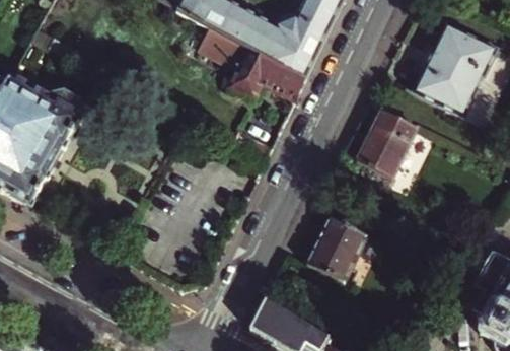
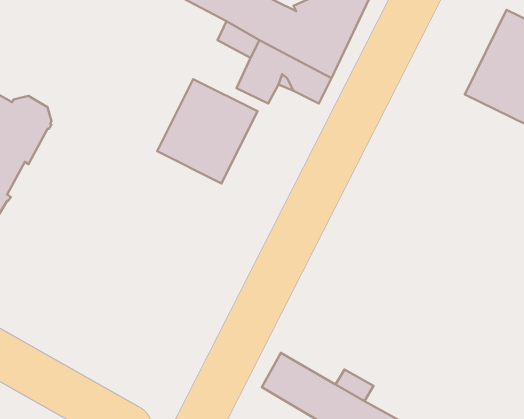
building: none -> [157,79,258,183]
building: [357,109,417,177] -> none
building: [307,214,365,278] -> none

